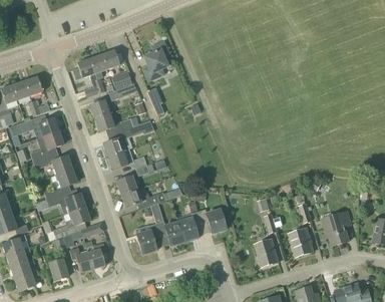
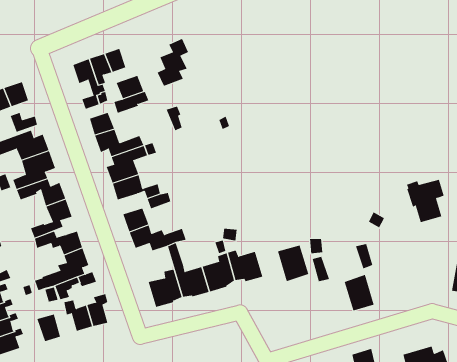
building: [321,211,351,245] -> [406,179,445,223]
building: [254,238,279,267] -> [277,245,309,282]

